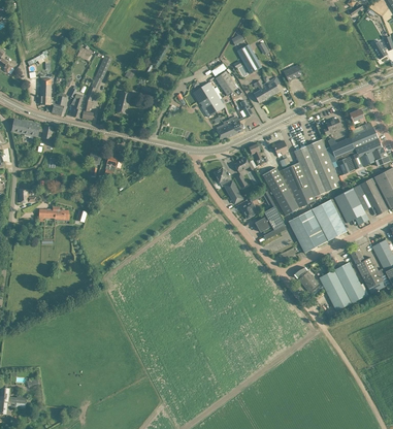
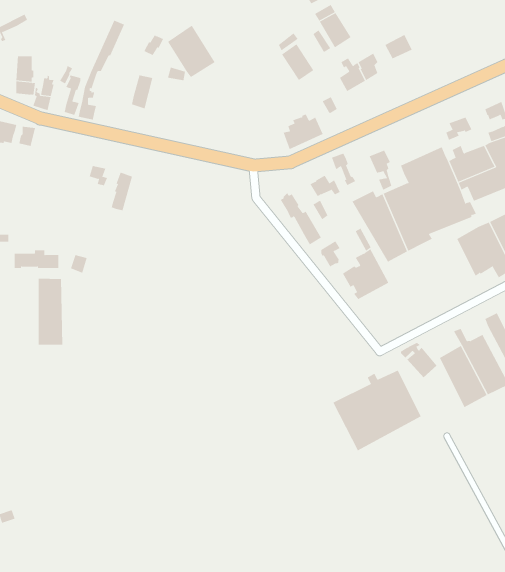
building: [192,81,224,117] -> [167,25,216,78]
building: [287,199,346,253] -> [333,370,422,451]
building: none -> [38,278,63,345]

